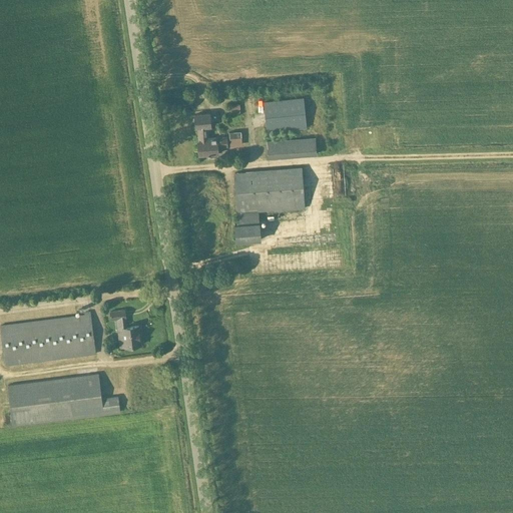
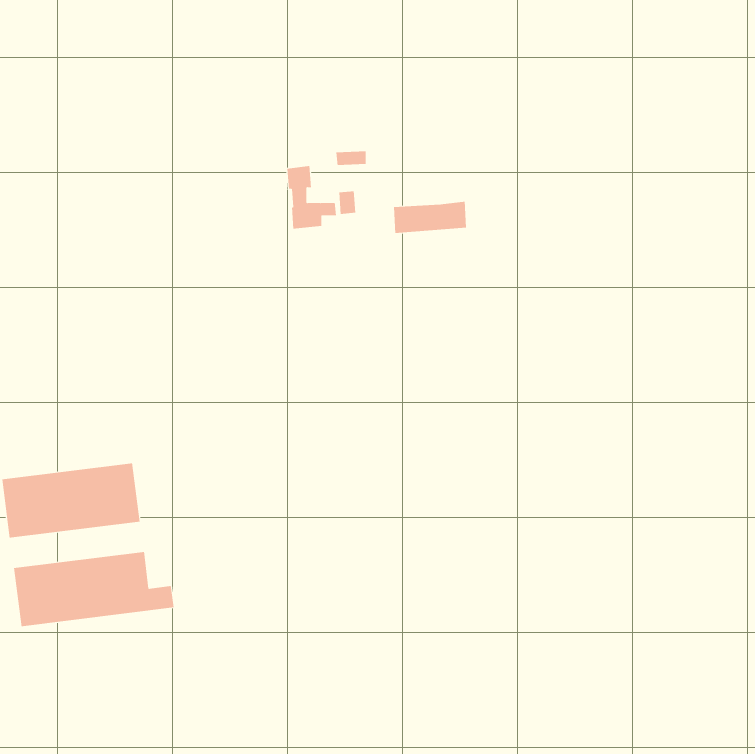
building: [264,97,307,131] -> none
building: [233,166,305,241] -> none
building: [110,308,141,347] -> none

